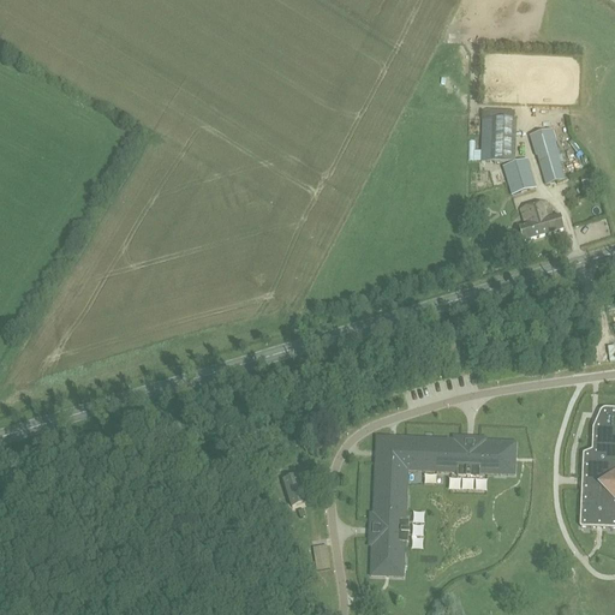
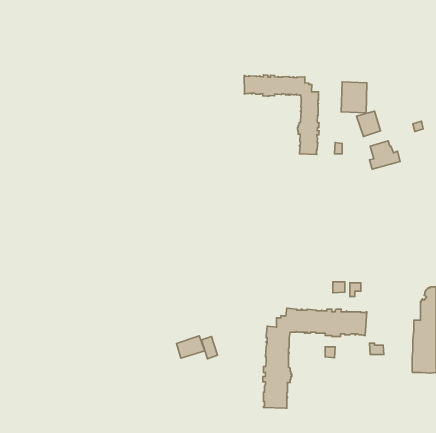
building: none -> [244,75,319,154]
building: [530,126,565,181] -> none
building: none -> [176,336,205,358]

